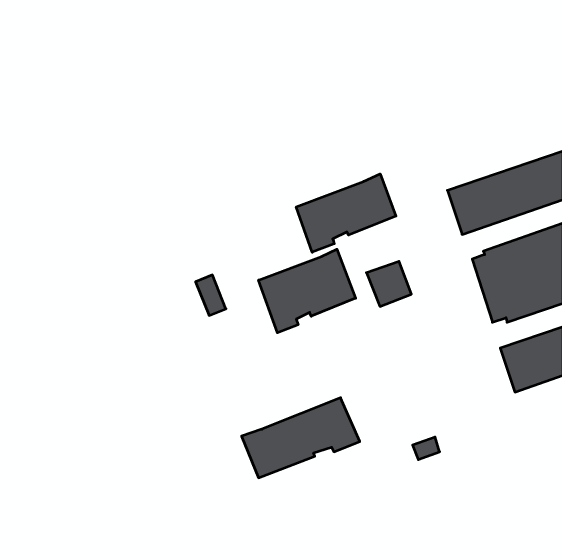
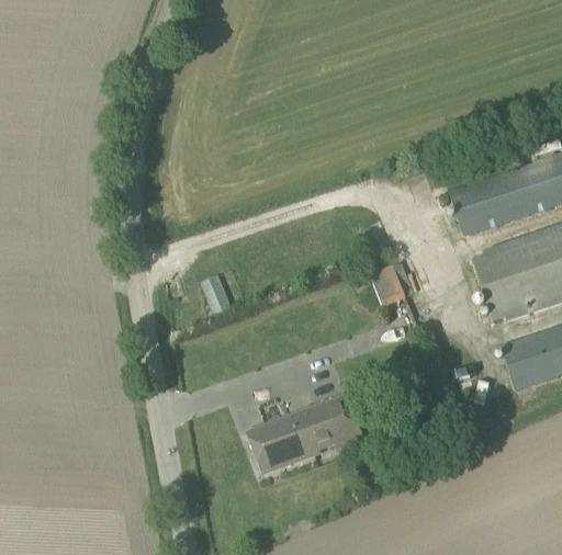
building: [296,174,396,252] -> none
building: [259,249,356,333] -> none

